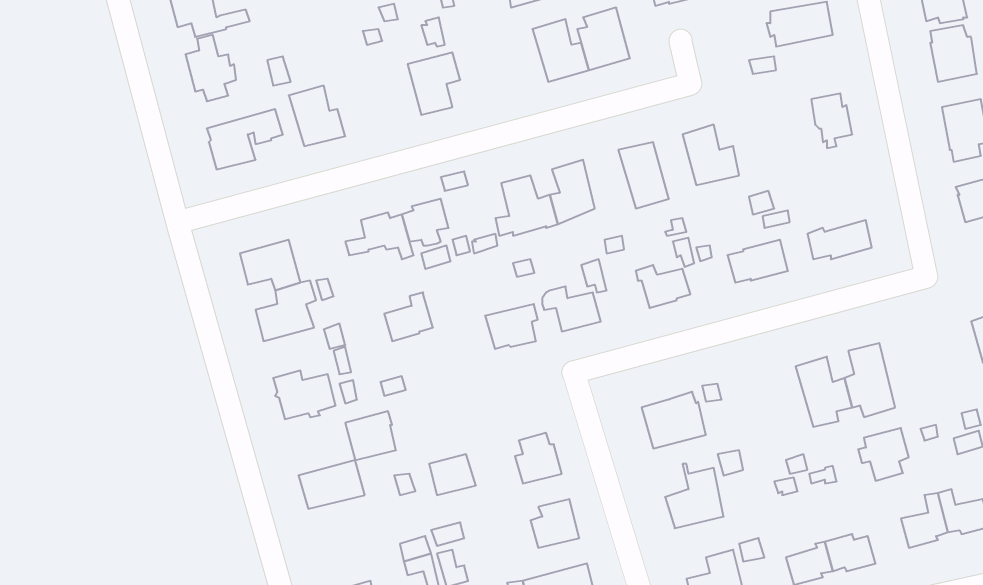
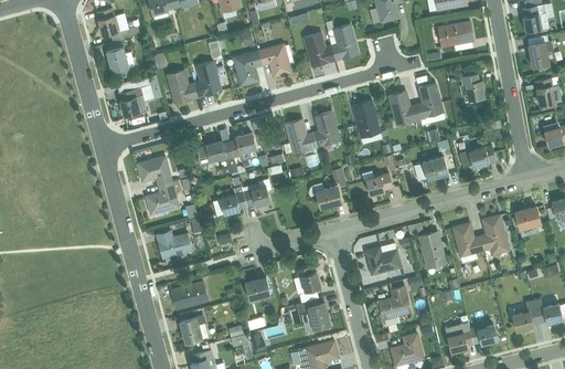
building: none -> [256,42,292,76]
building: none -> [192,61,221,97]
building: none -> [416,83,444,125]
building: [485,304,538,349] -> [241,180,270,205]
building: none -> [418,231,445,268]
building: [345,411,396,460] -> [179,315,207,342]
building: [858,428,909,481] -> [511,207,540,236]

